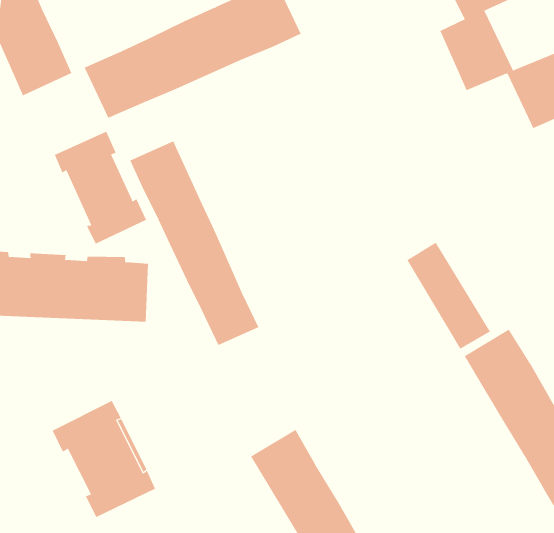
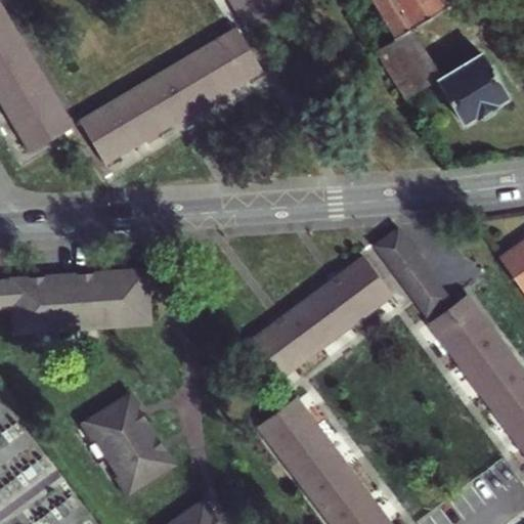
building: [54,131,147,244] -> none
building: [129,141,259,346] -> none
building: none -> [251,260,388,381]

